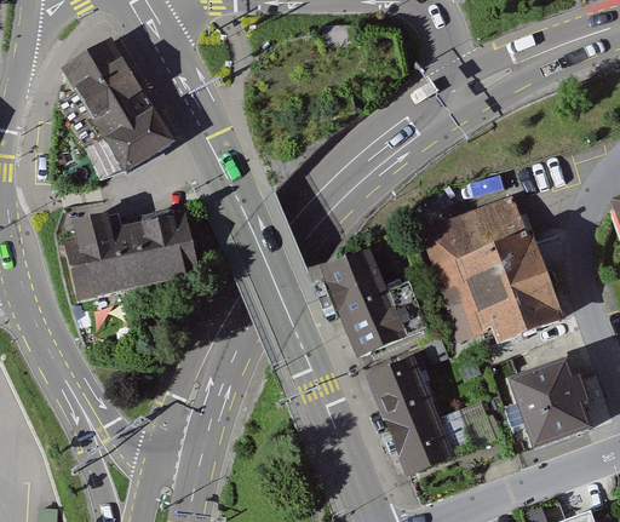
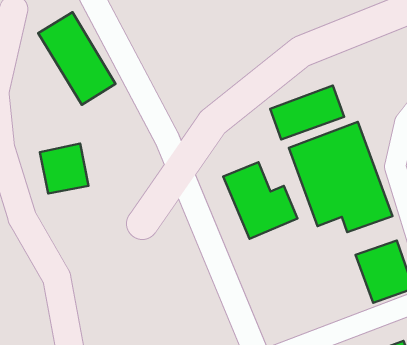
building: none -> [270,85,344,140]
building: [119,211,193,283] -> none
building: [368,356,458,477] -> none

